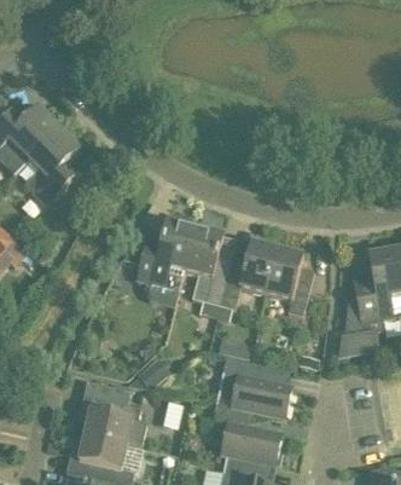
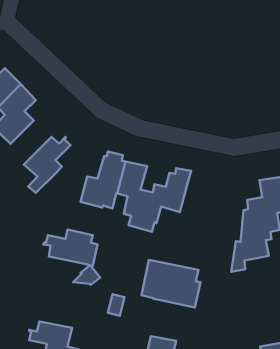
building: none -> [24,137,70,193]
building: [265,249,314,314] -> none
building: [76,400,146,448] -> [43,230,97,266]
building: [211,402,281,464] -> none

